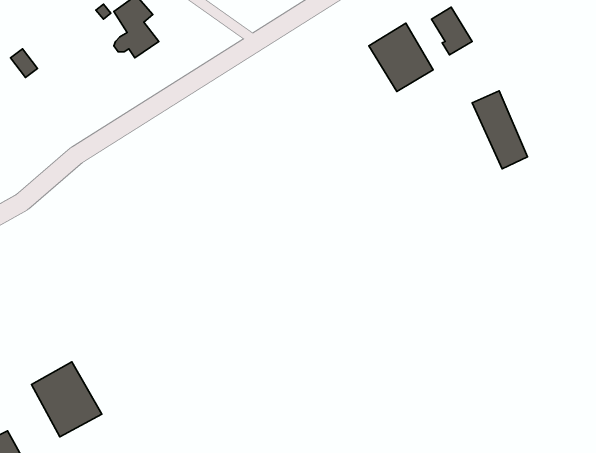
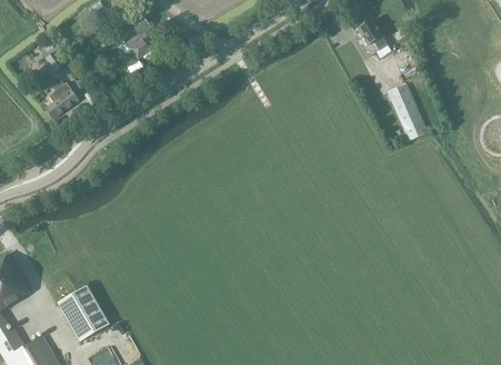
building: [369,23,433,92] -> none
building: none -> [46,82,79,118]

